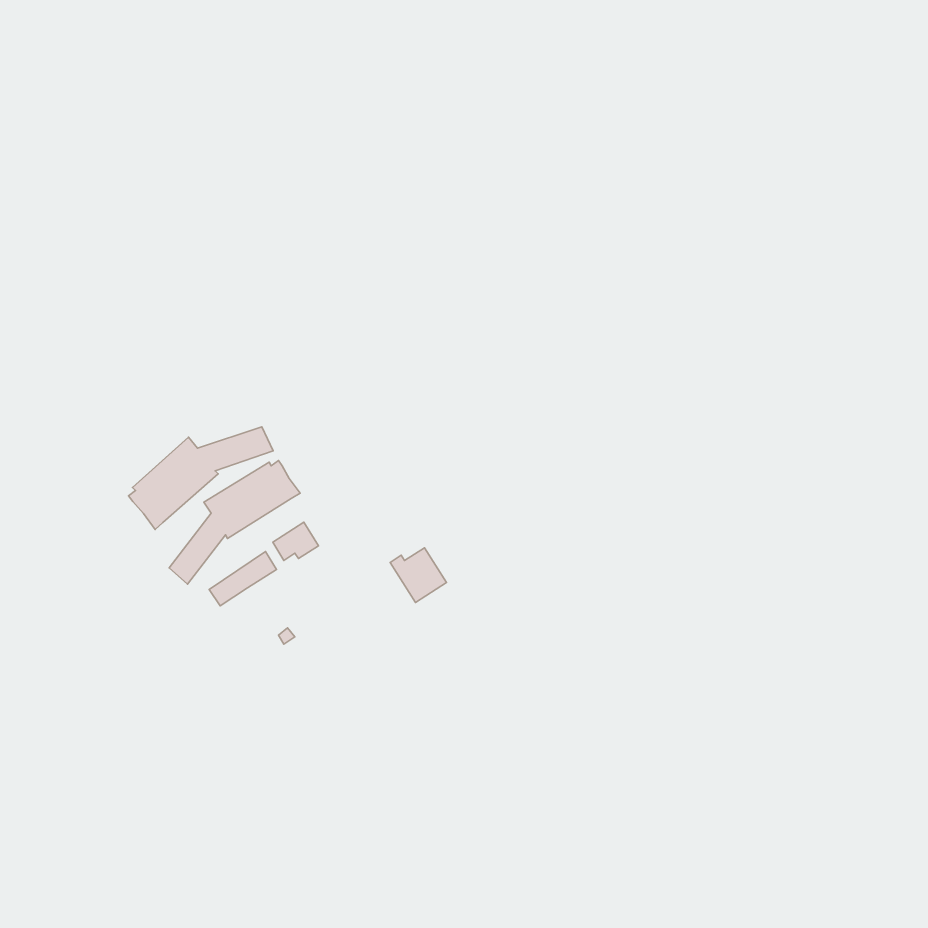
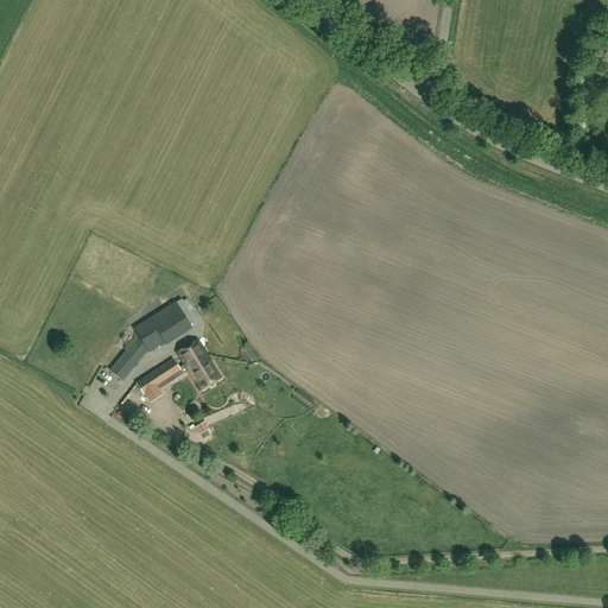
building: [128,427,273,530] -> none
building: [390,548,446,602] -> [186,357,223,393]

